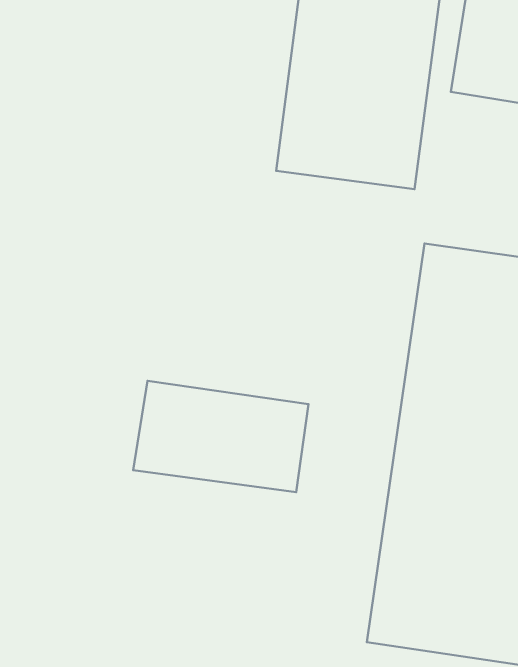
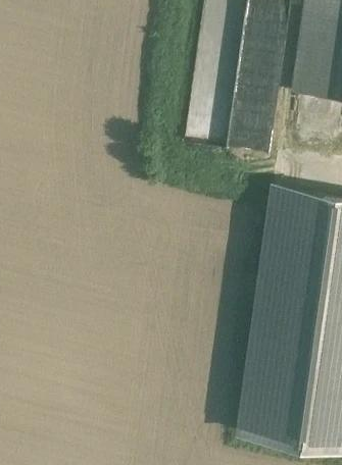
building: [133,381,309,492] -> none

